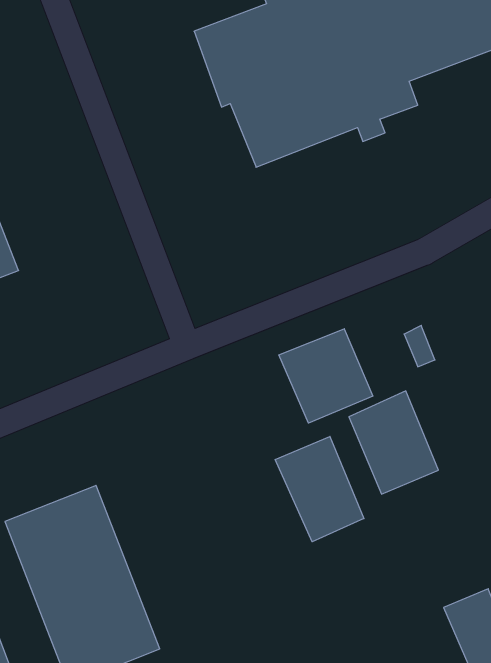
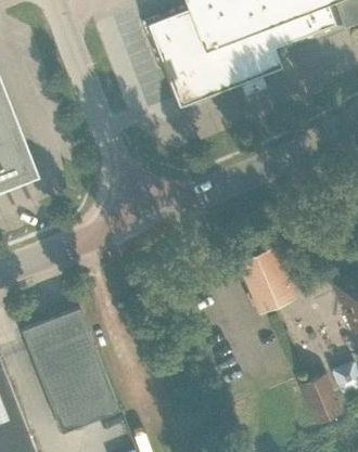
building: [279,329,373,423] -> none
building: [275,436,364,542] -> none

